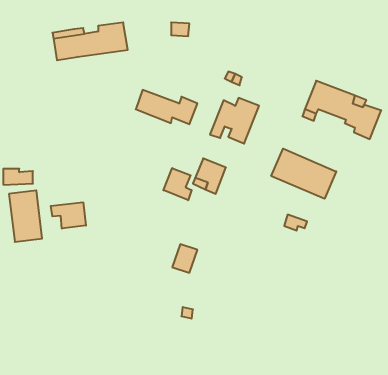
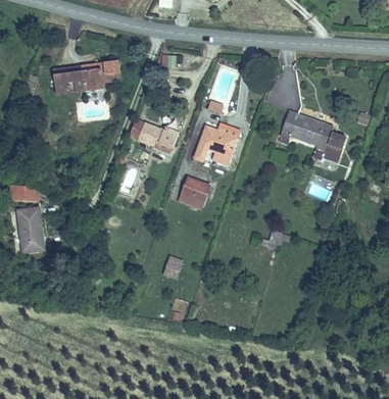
building: [271,149,336,199] -> none
building: [163,168,192,200] -> none
building: [51,202,86,229] -> none

